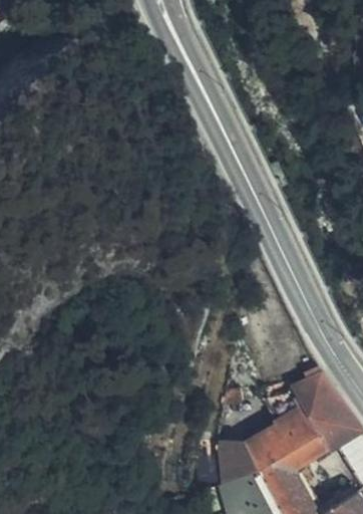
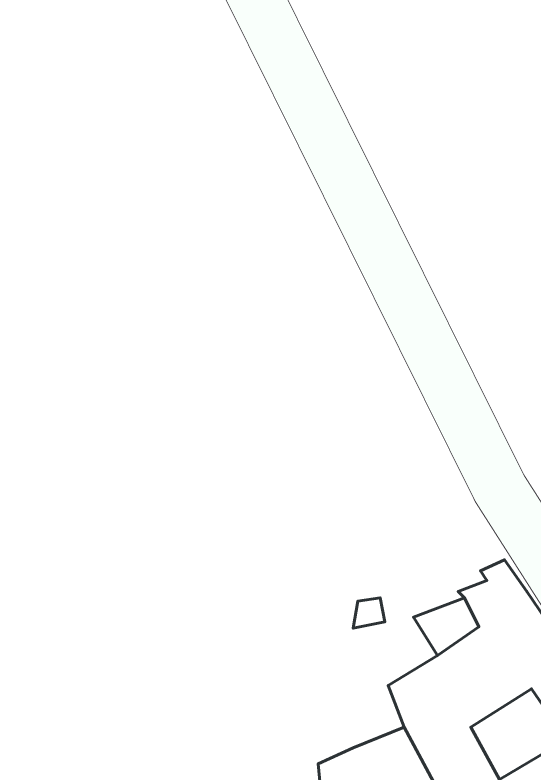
building: [218,448,257,487] -> none

